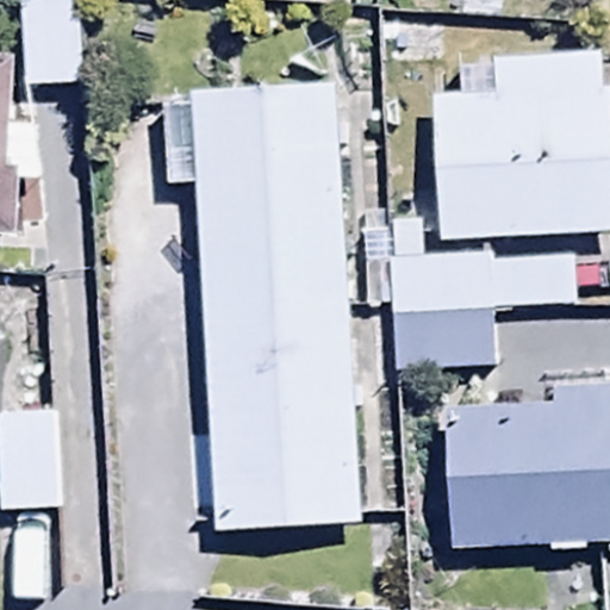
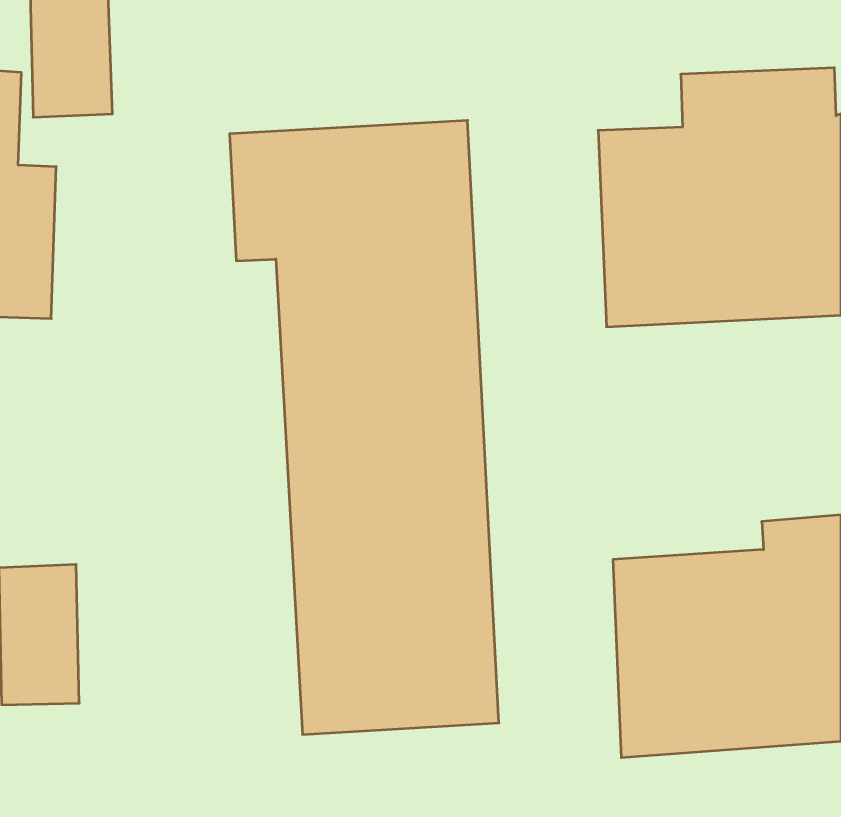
building: [366,219,574,371] -> none

